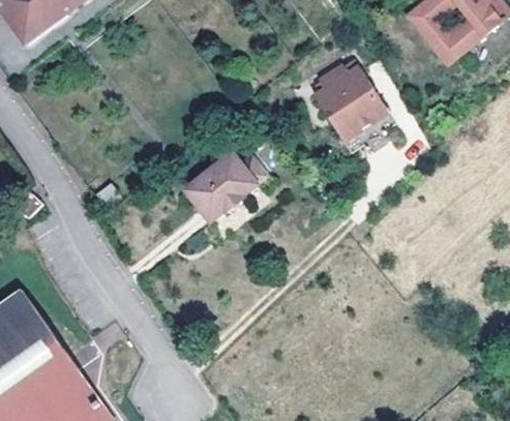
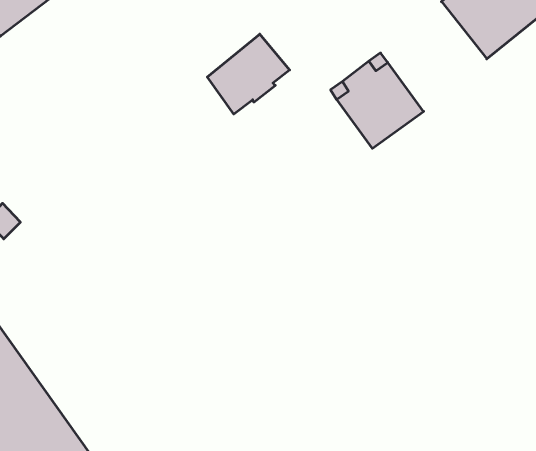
building: [185,154,257,223] -> [207,34,290,114]

